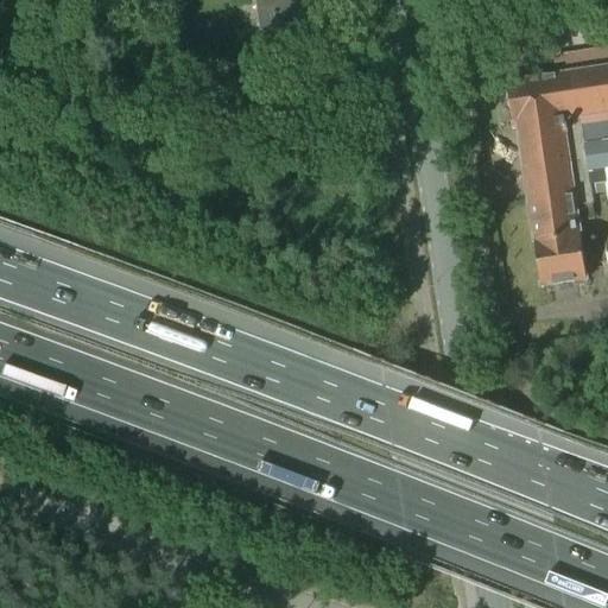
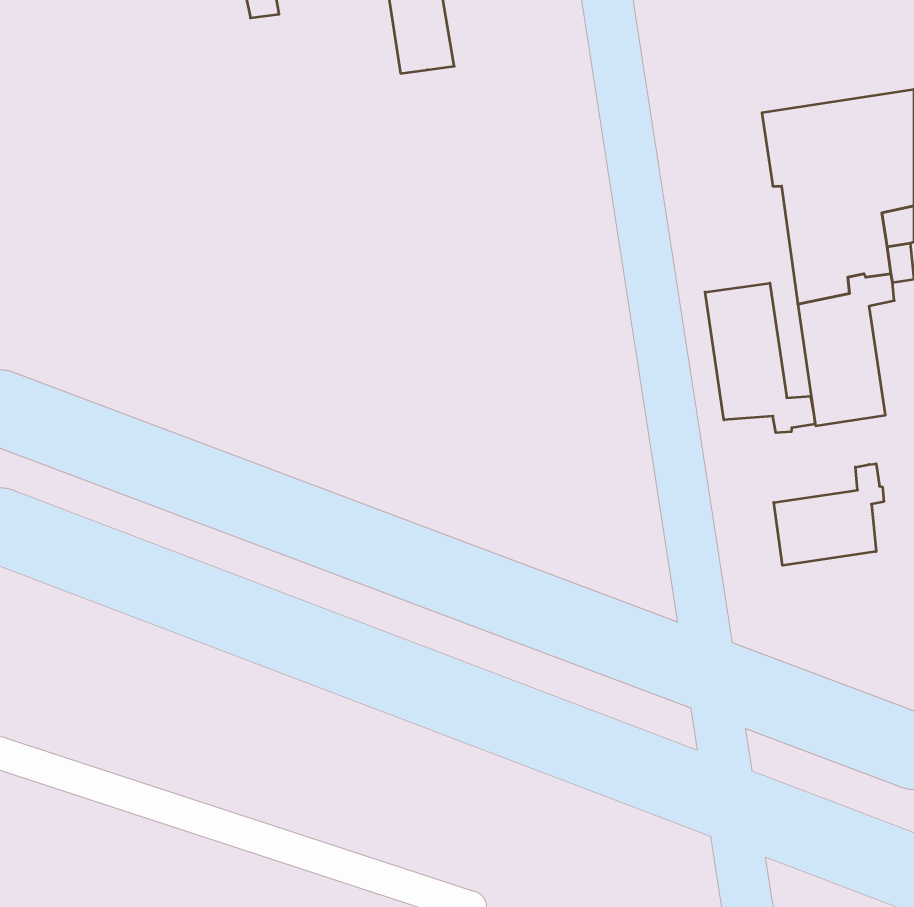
building: none -> [705,283,815,433]
building: none -> [774,464,884,565]

